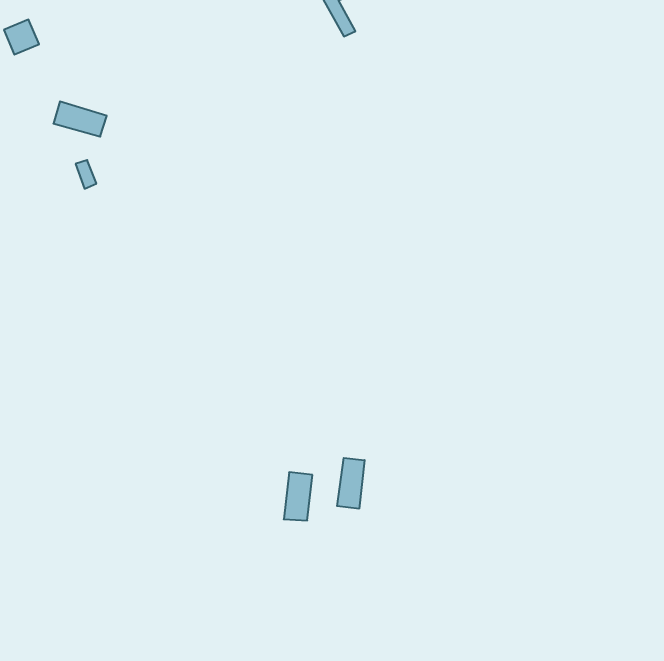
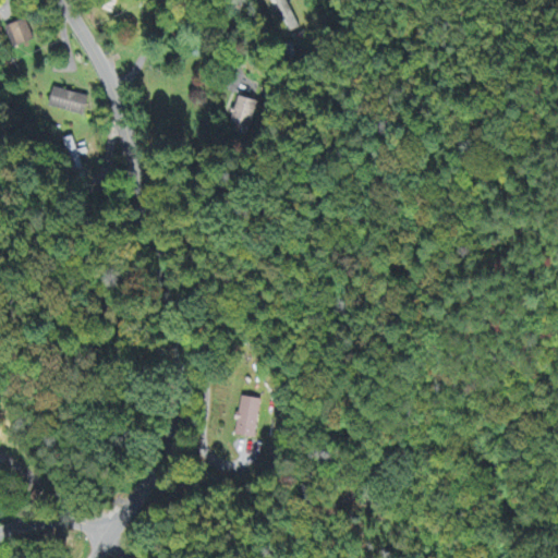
building: none -> [230,95,254,126]
building: [337,458,365,509] -> none

